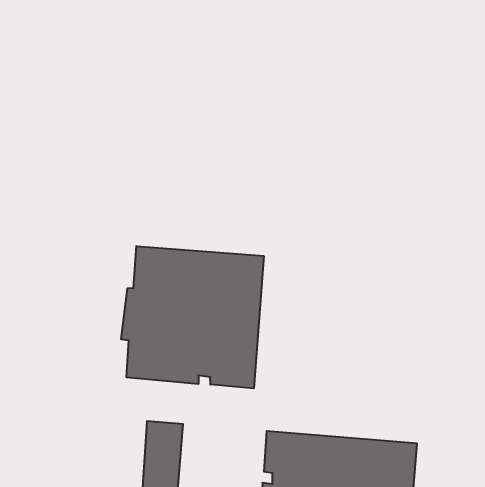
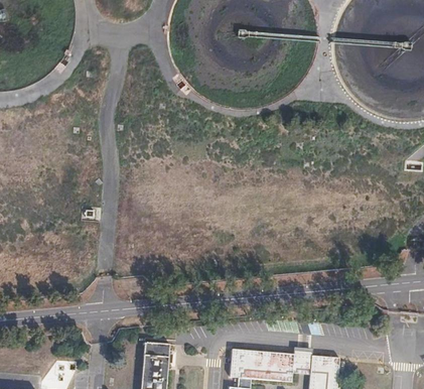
building: [121,246,264,388] -> none

